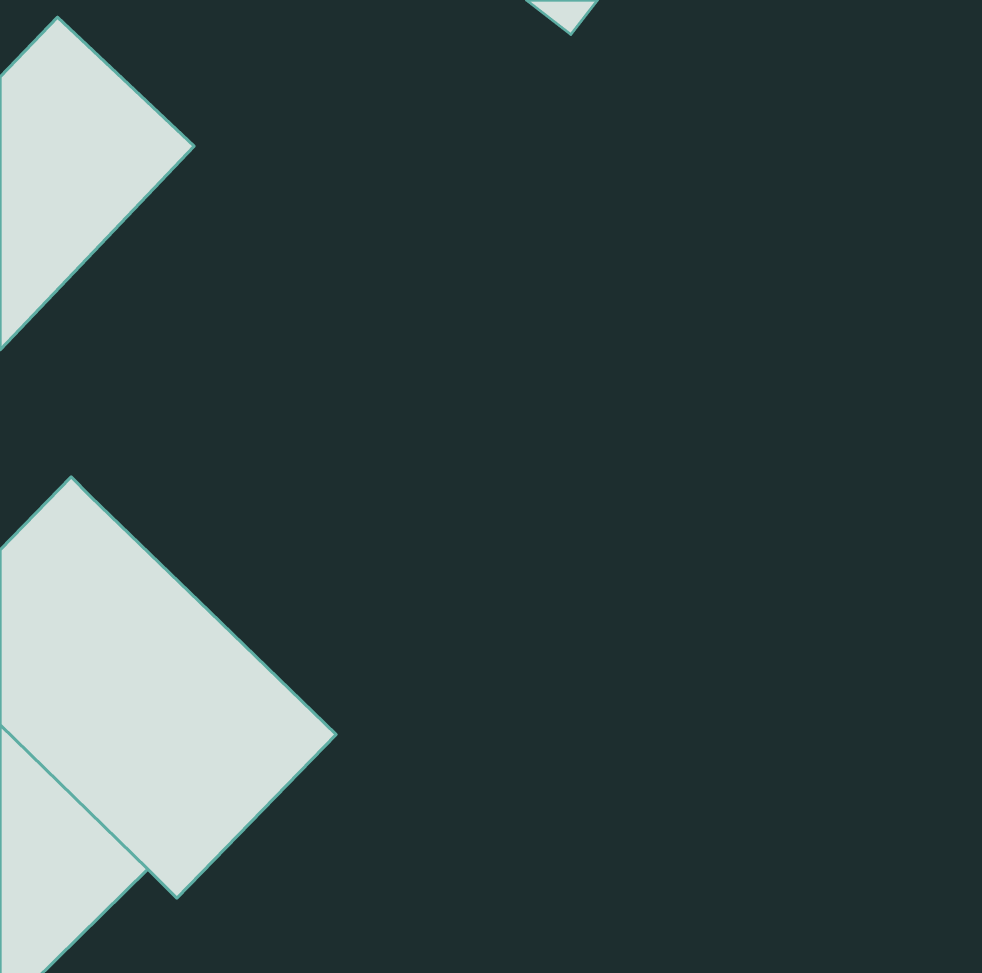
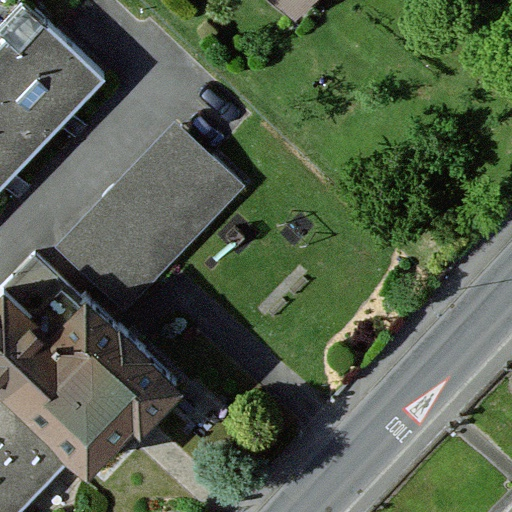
building: none -> [47,121,242,323]

